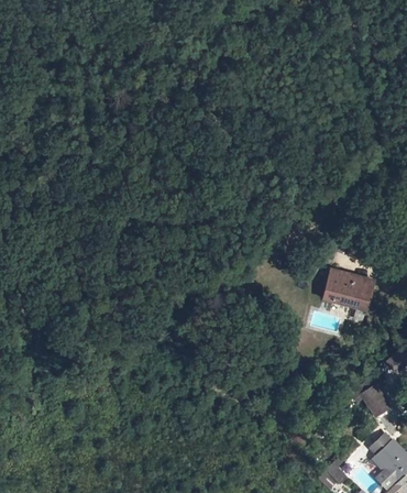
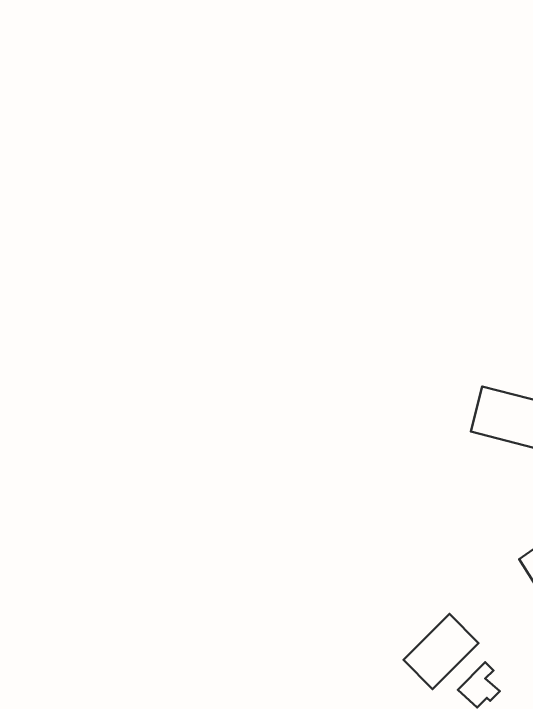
building: none -> [403,614,479,689]

